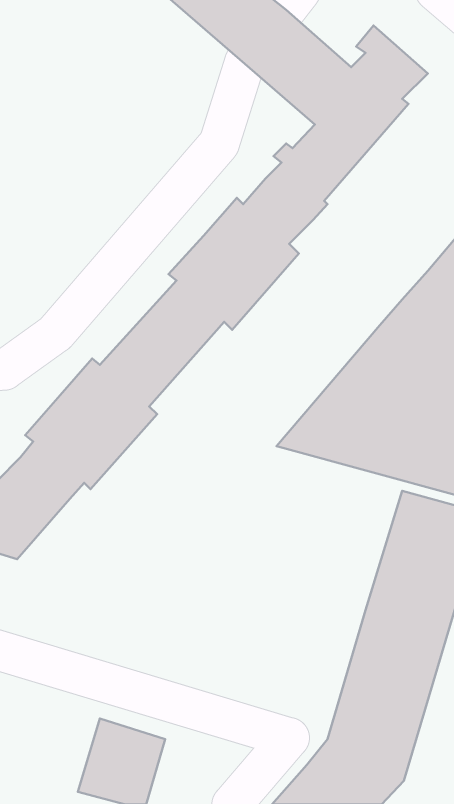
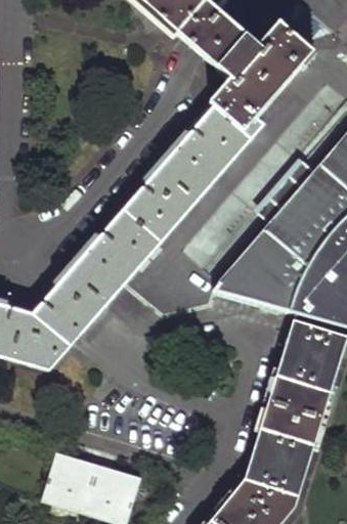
building: none -> [41,451,99,512]

